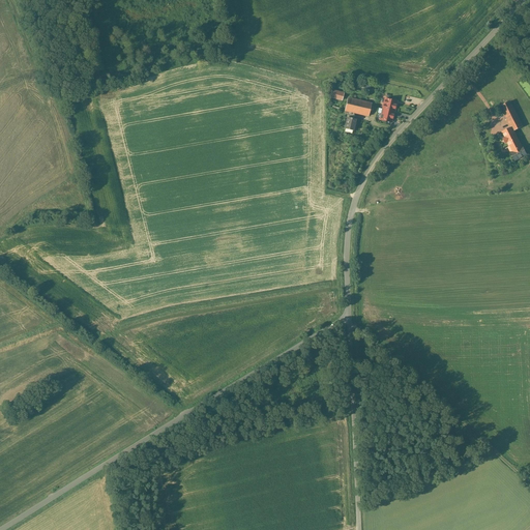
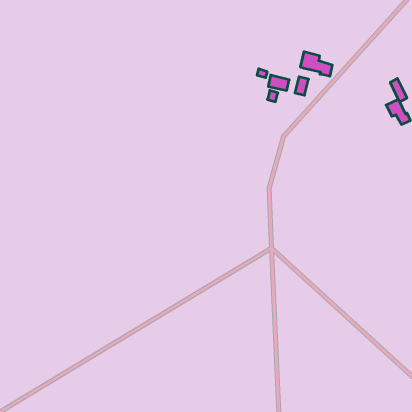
building: none -> [301,52,332,76]

